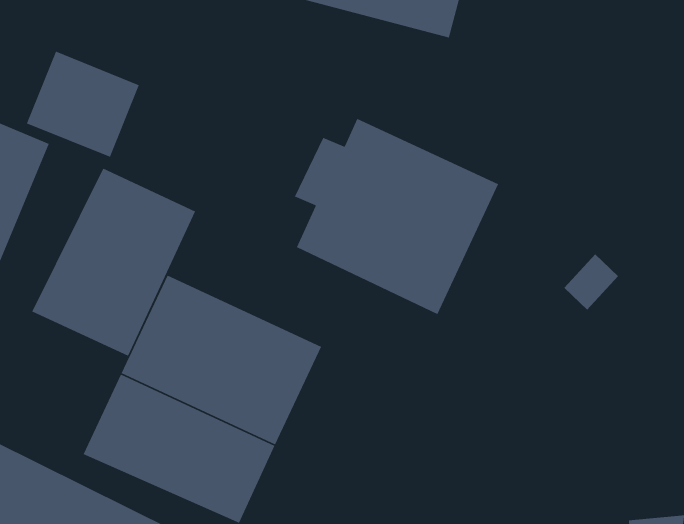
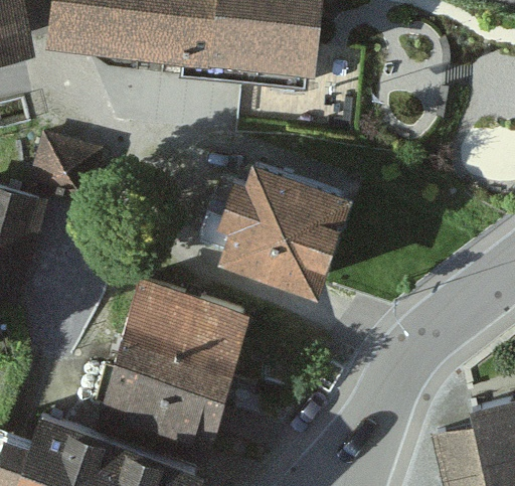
building: [31,168,196,357] -> none

